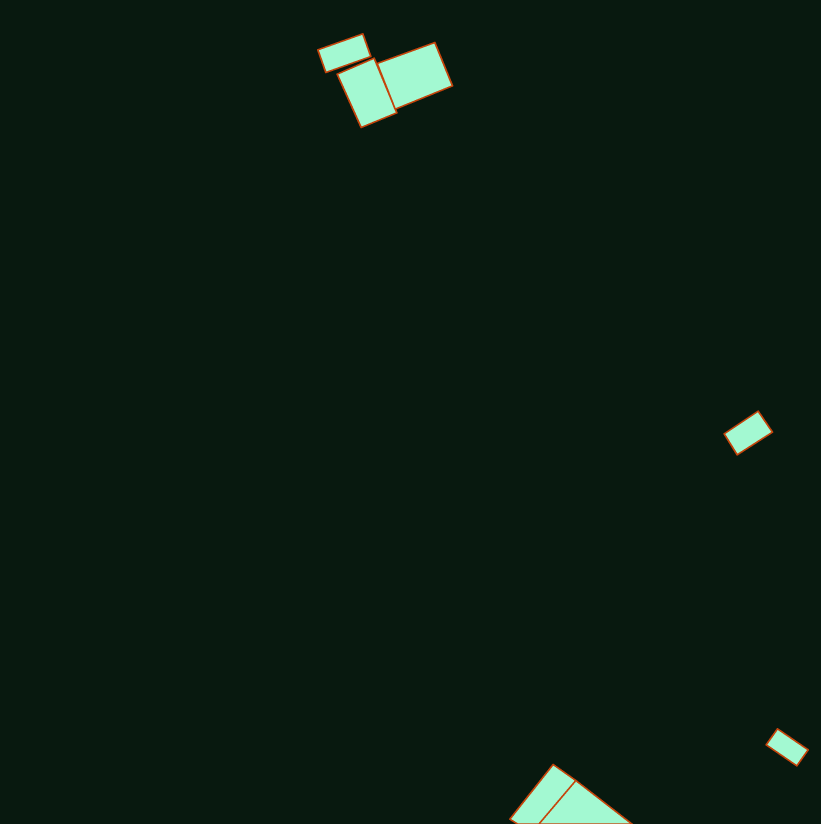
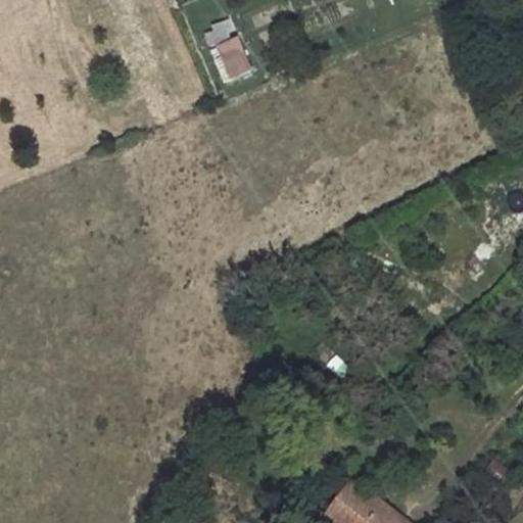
building: [377,42,453,109] -> none

